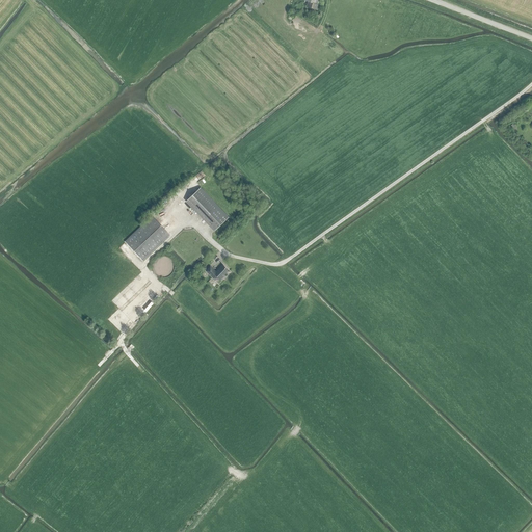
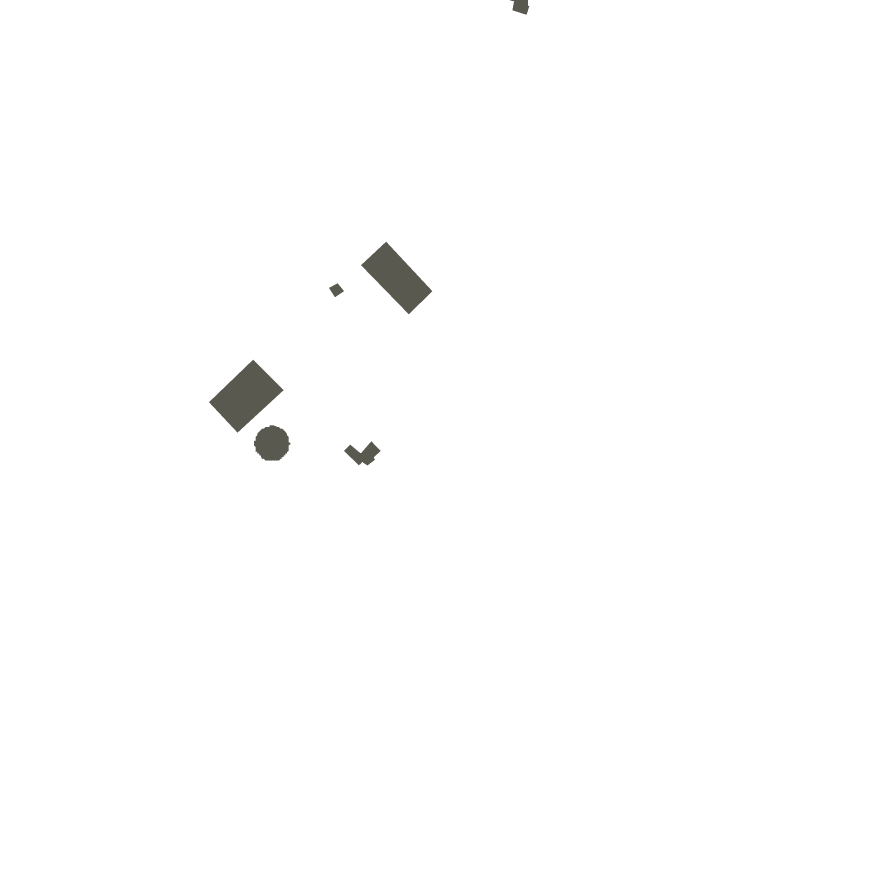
building: [185,186,229,231] -> [360,241,433,315]

